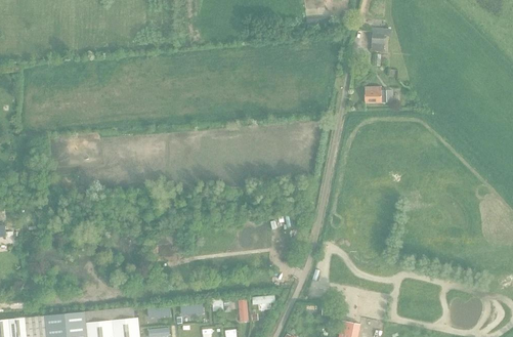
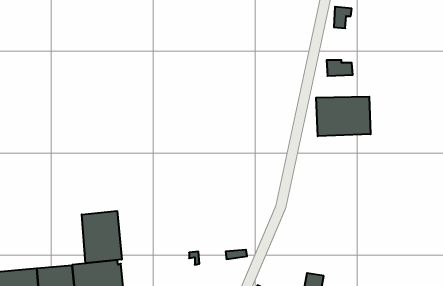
building: none -> [316,97,371,136]
building: none -> [82,211,122,263]

